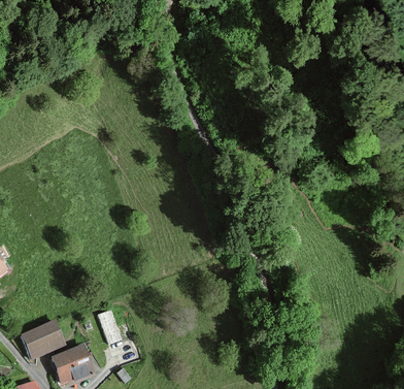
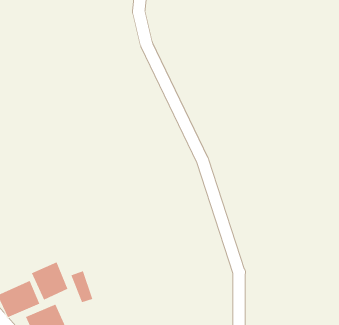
building: none -> [31,262,68,300]

